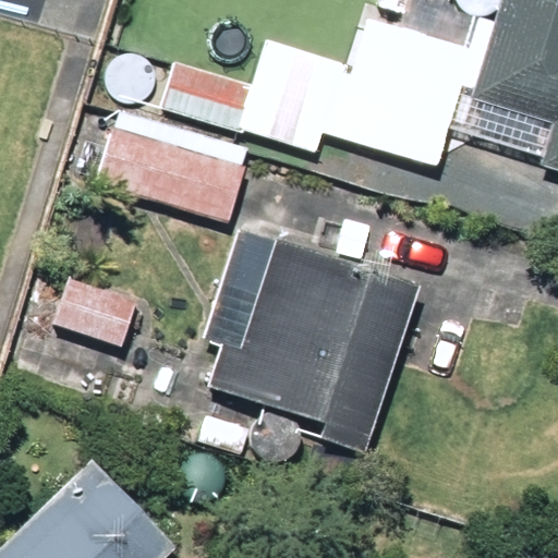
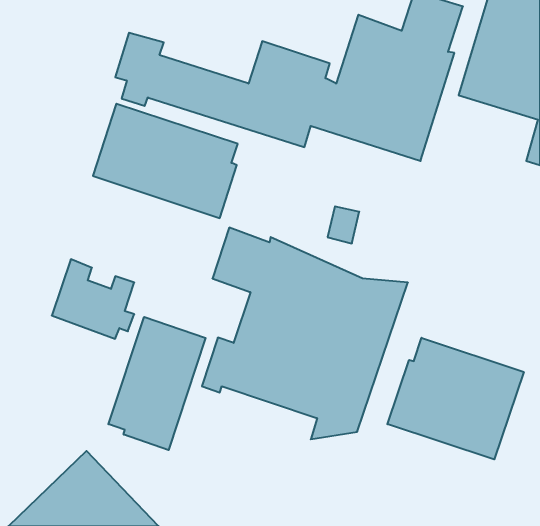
building: none -> [108,317,206,450]
building: none -> [387,338,524,459]

